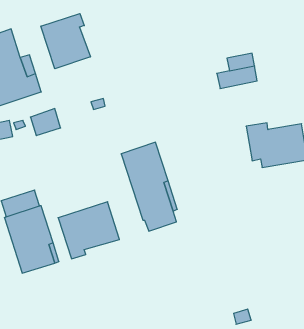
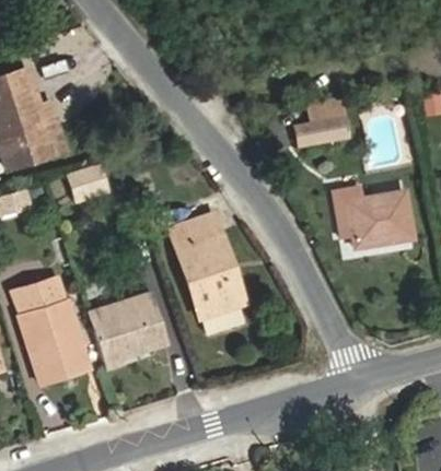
building: [41,14,90,69] -> none

